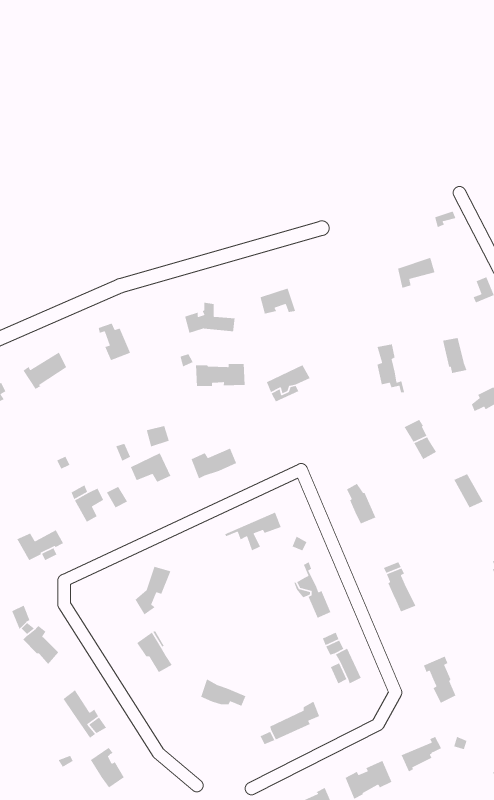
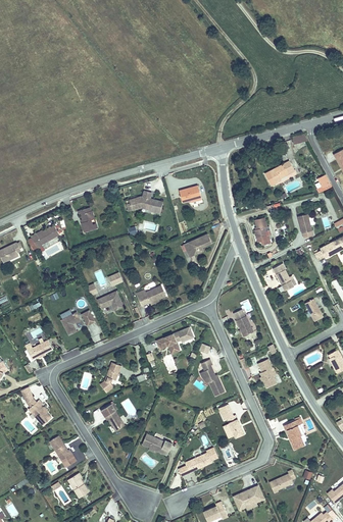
building: [195,363,246,387] -> none

